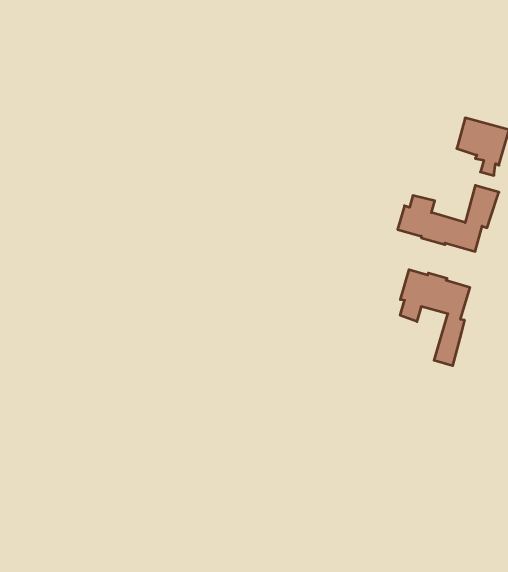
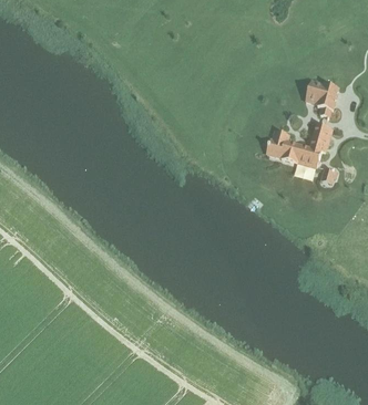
building: [400,270,470,366] -> none

